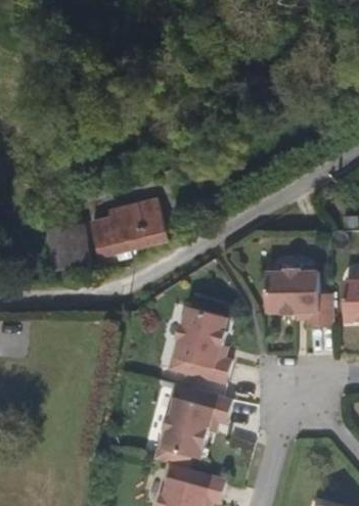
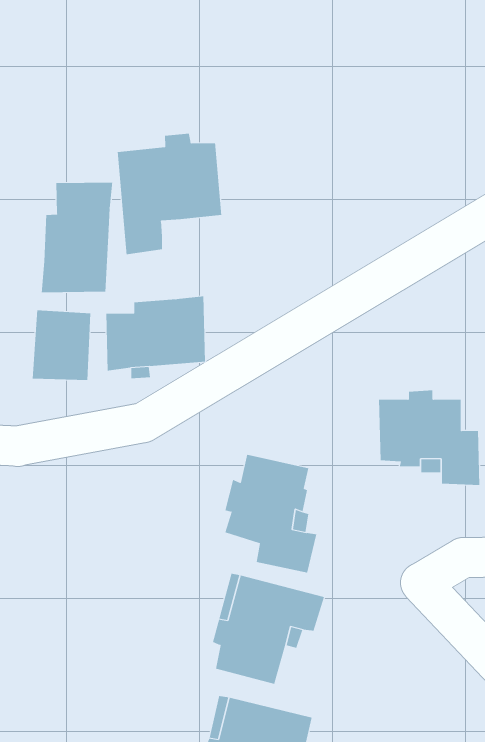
building: none -> [117,133,222,255]
building: none -> [41,182,113,293]

